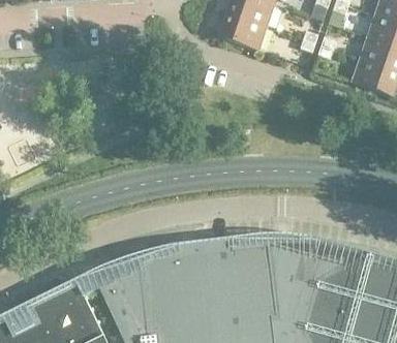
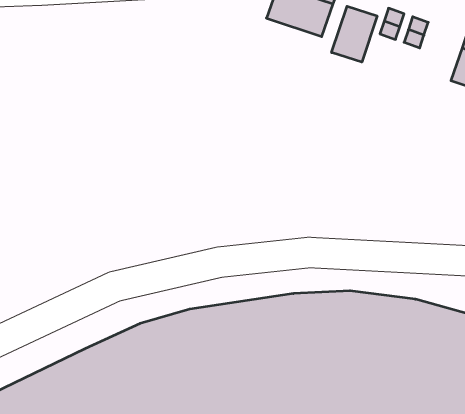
building: none -> [332,6,377,62]

